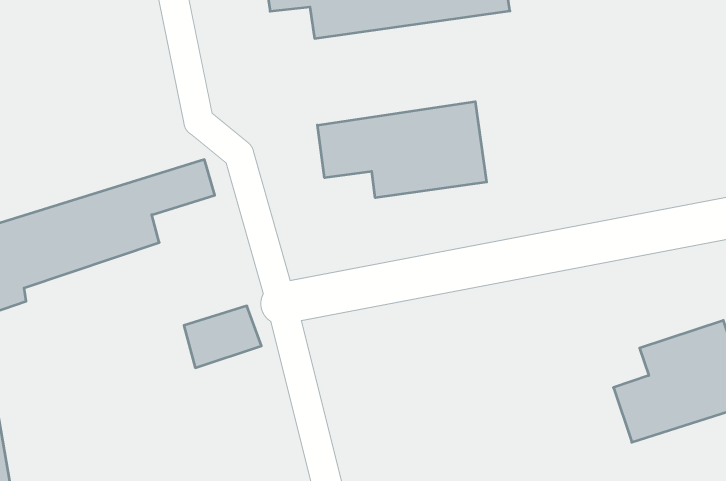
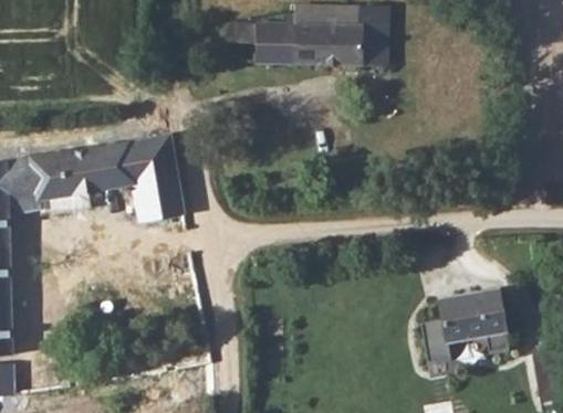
building: [317,102,487,198] -> none
building: [184,306,261,368] -> [136,183,185,219]

